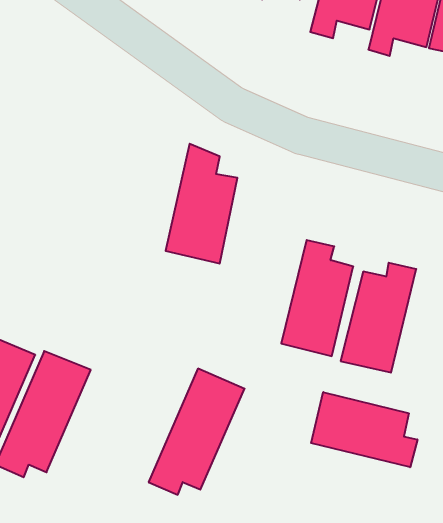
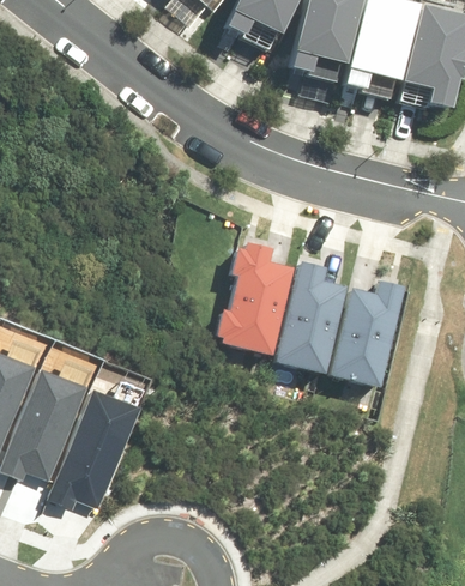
building: [166,144,237,264] -> [216,237,284,351]
building: [149,369,245,495] -> [44,392,135,512]
building: [311,392,417,467] -> none

